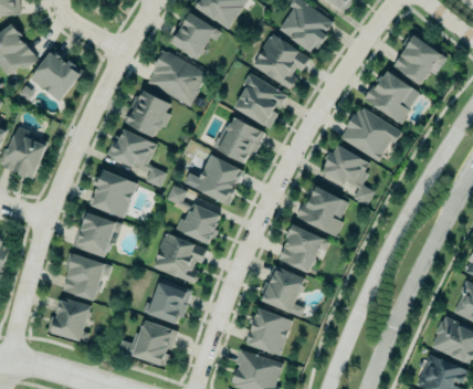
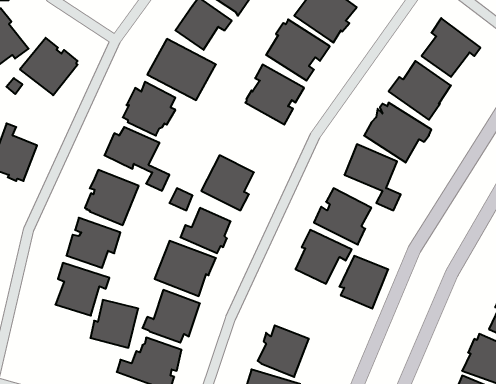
building: [214,116,264,165] -> none
building: [261,266,305,314] -> [339,256,388,309]
building: [48,298,91,341] -> [90,300,138,348]

